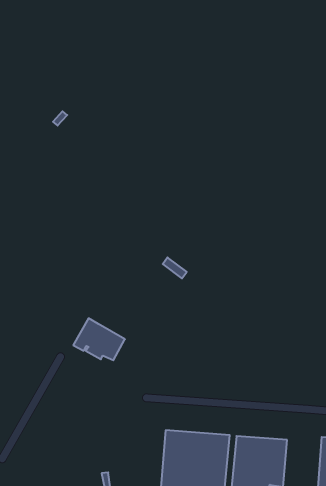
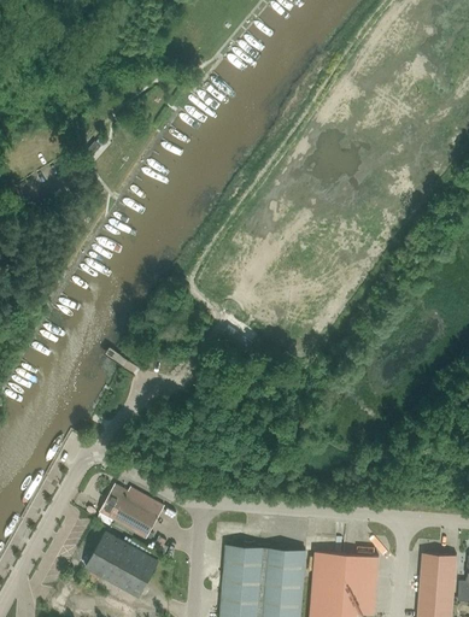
building: [73,318,125,360] -> [96,484,162,537]
building: none -> [86,531,158,597]

